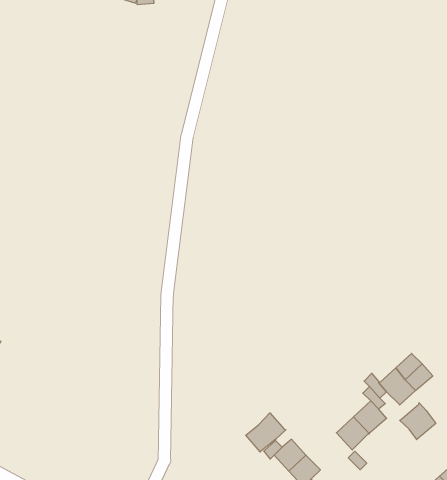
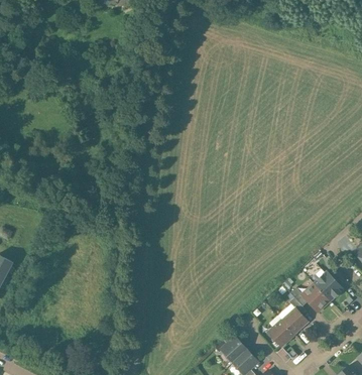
building: [400,403,436,440] -> none
building: [246,413,286,452] -> none

